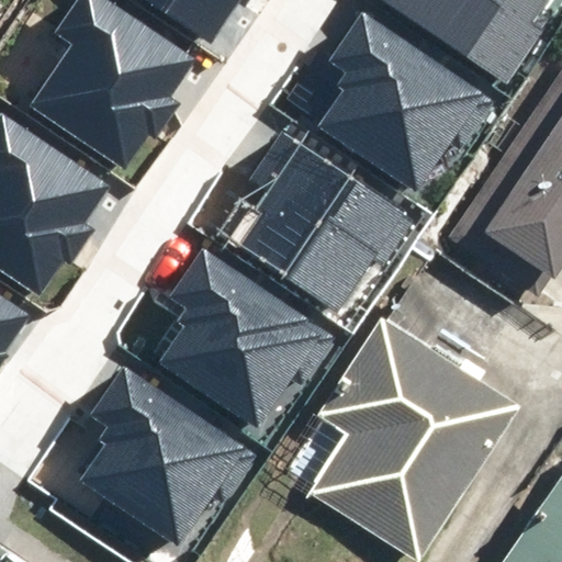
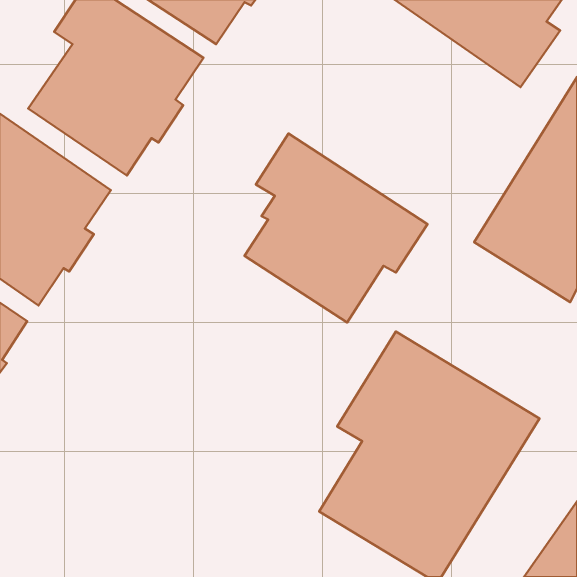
building: [315,10,496,193] -> none
building: [157,248,335,428] -> none
building: [78,364,257,546] -> none

